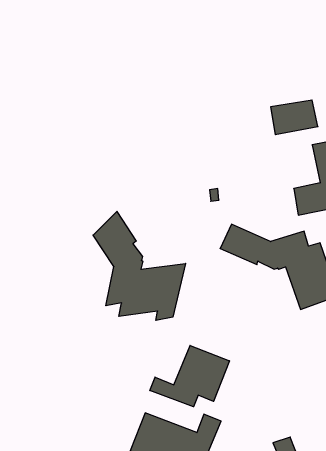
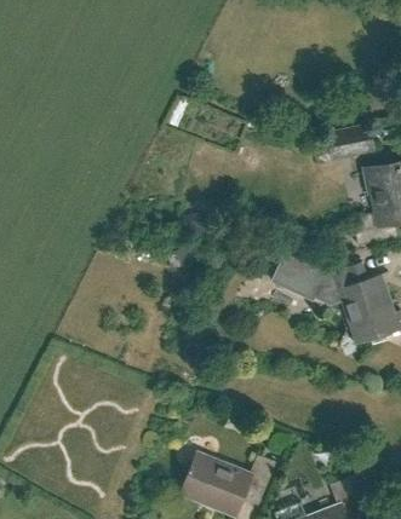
building: [93,211,186,320] -> none
building: [150,345,229,407] -> none

